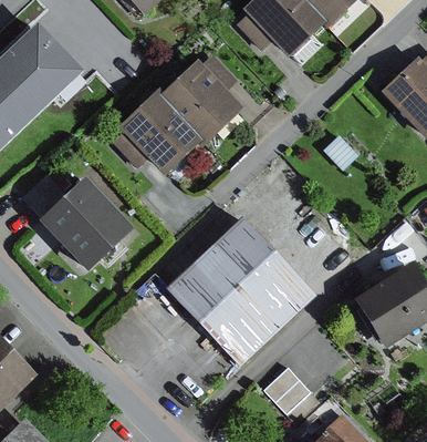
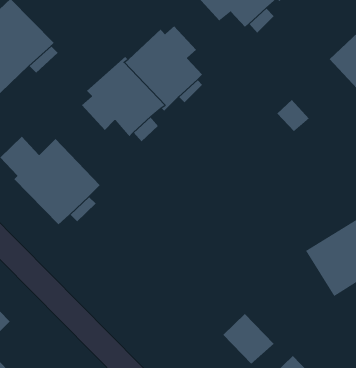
building: [167,218,315,367] -> none

